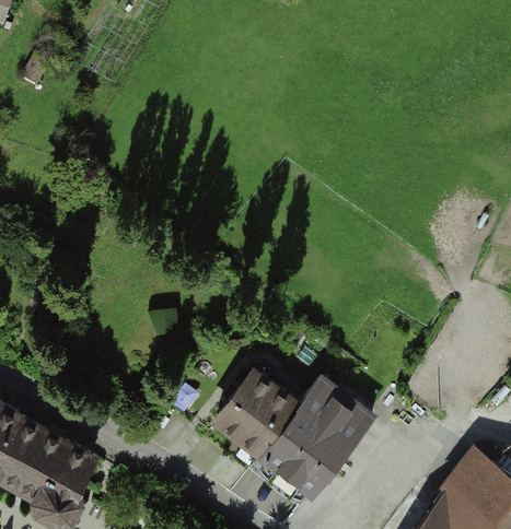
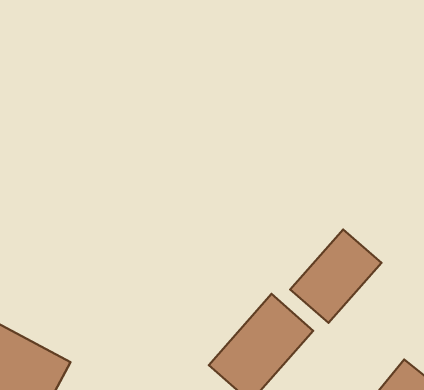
building: none -> [290,229,381,323]
building: [209,364,303,459] -> none

